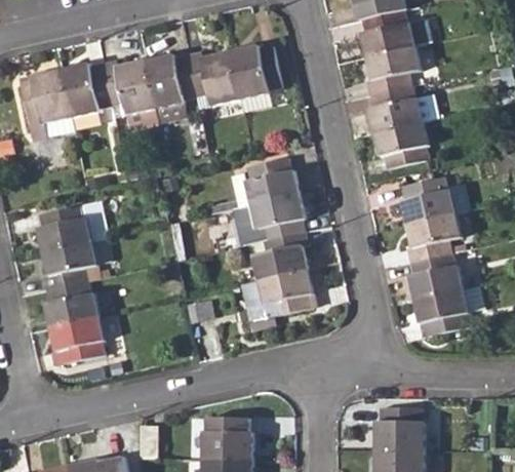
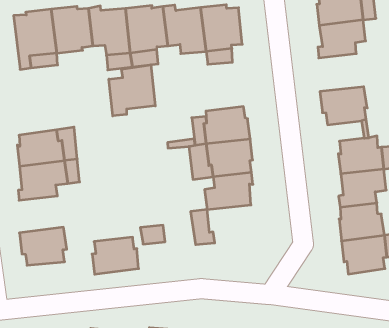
building: [368,85,423,132] -> none
building: none -> [109,65,155,116]
building: [259,269,313,316] -> none
building: [43,280,97,326] -> [92,237,139,274]

